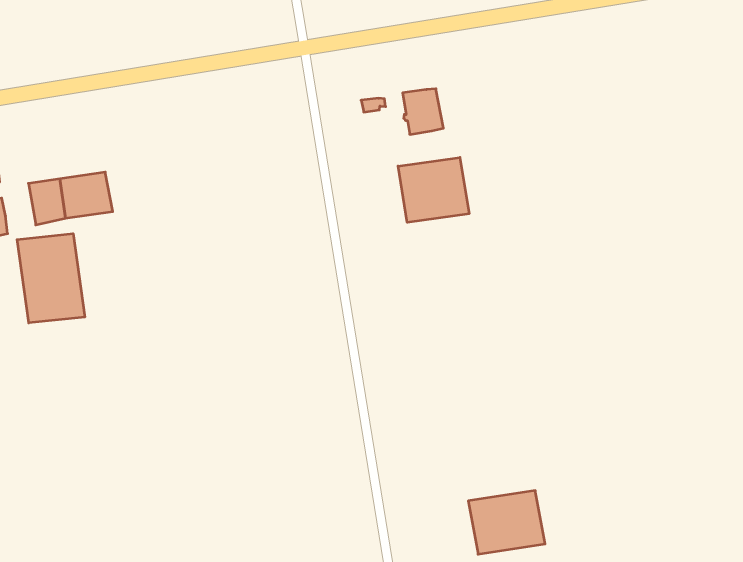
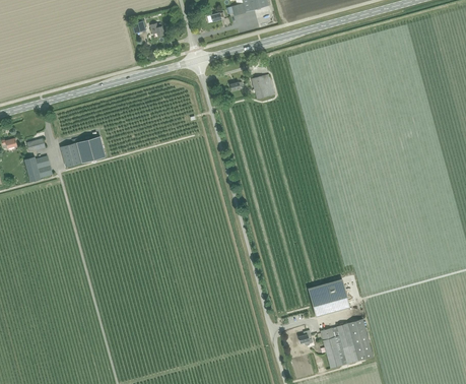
building: [398,157,469,222] -> none
building: [17,234,85,323] -> none

